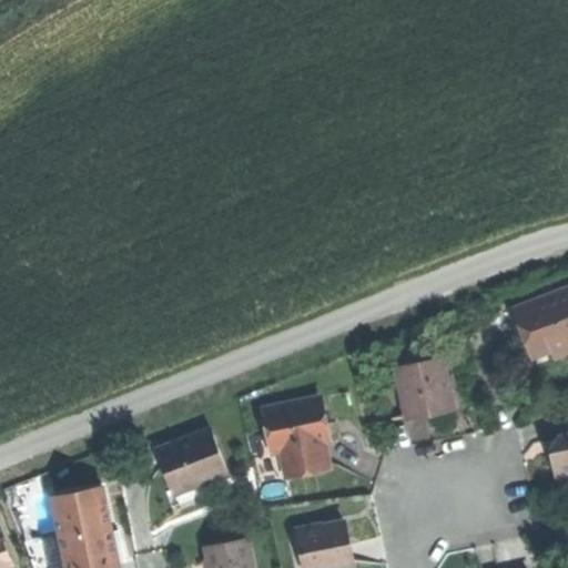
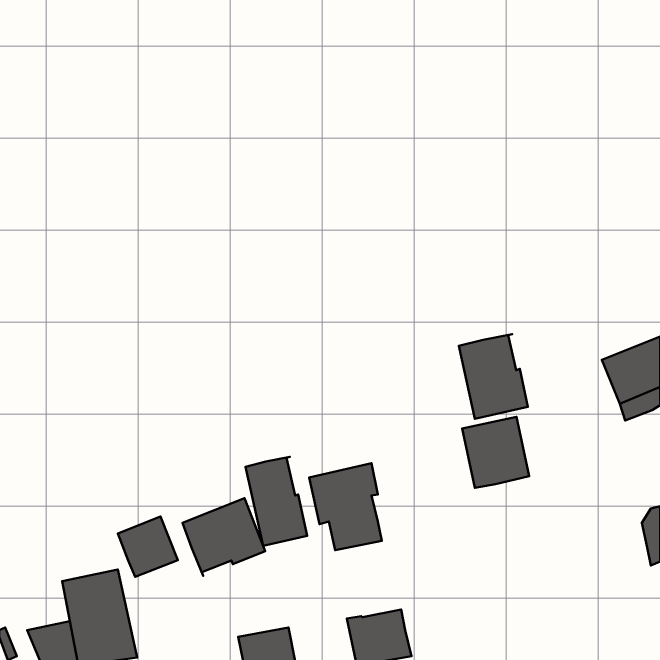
building: none -> [459,334,528,419]
building: none -> [246,457,307,546]
building: none -> [118,517,178,577]

